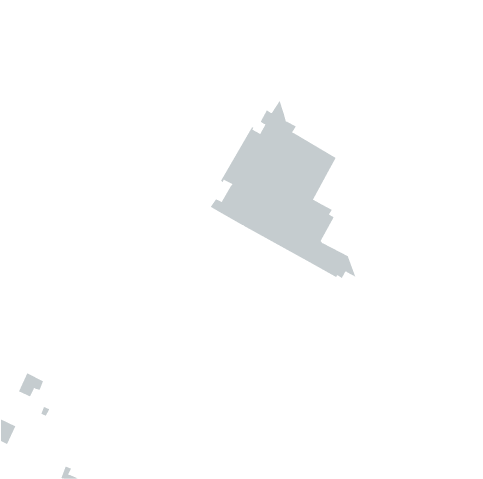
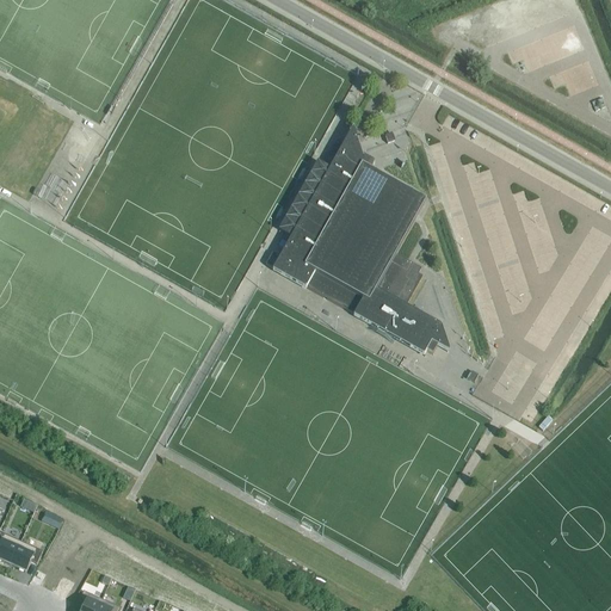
building: [18,373,44,397] -> [10,538,42,569]

